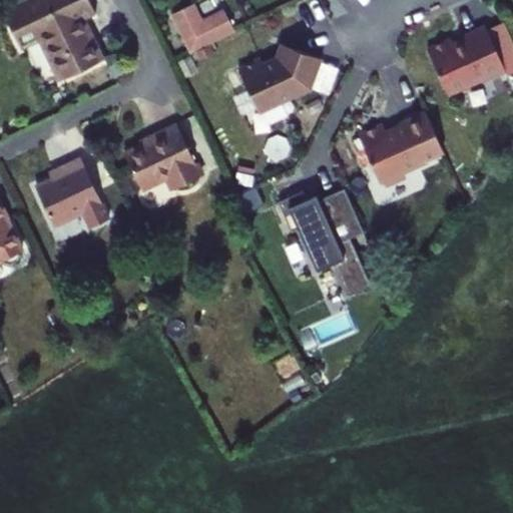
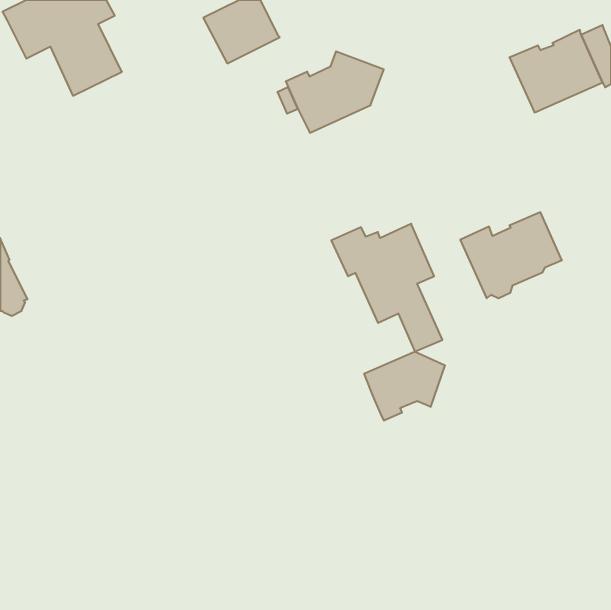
building: [359,112,444,184] -> [460,212,562,298]
building: [125,123,201,190] -> none
building: [36,158,102,225] -> none
building: none -> [364,352,445,421]

